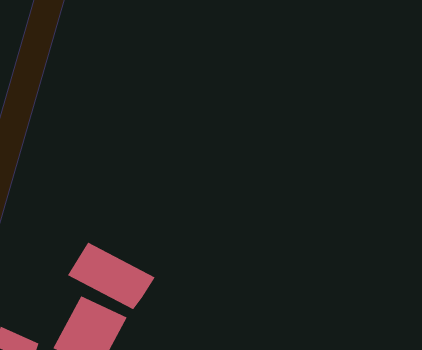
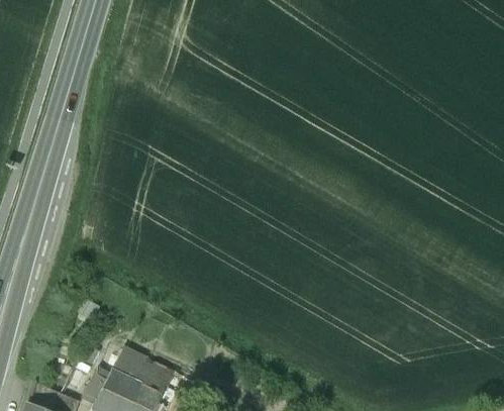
building: [67,242,156,311] -> none

